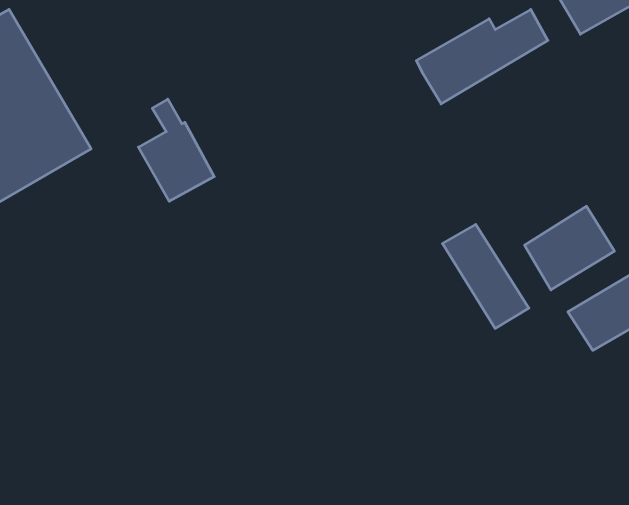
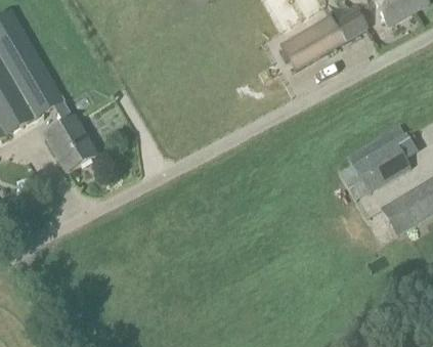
building: [138,99,214,201] -> [46,102,96,170]
building: [442,224,529,328] -> none

